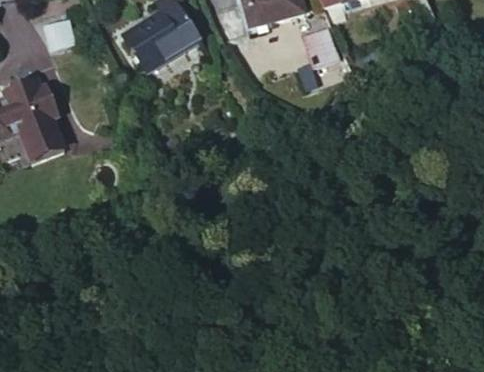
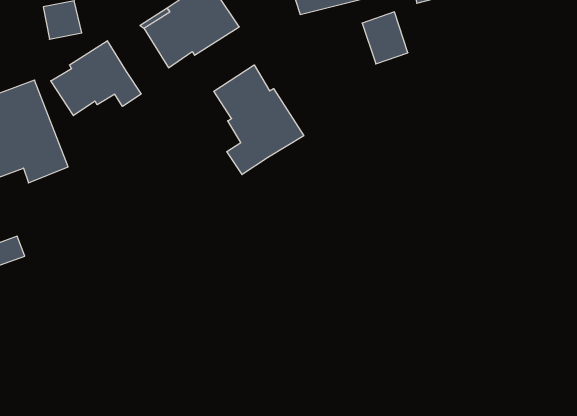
building: none -> [51,41,141,116]
building: none -> [214,65,304,175]

